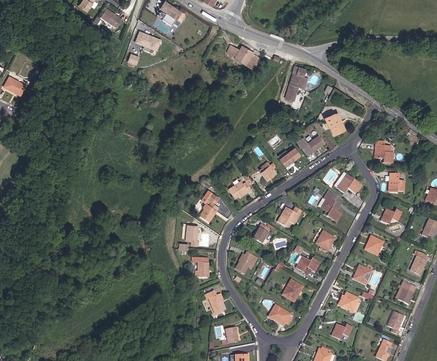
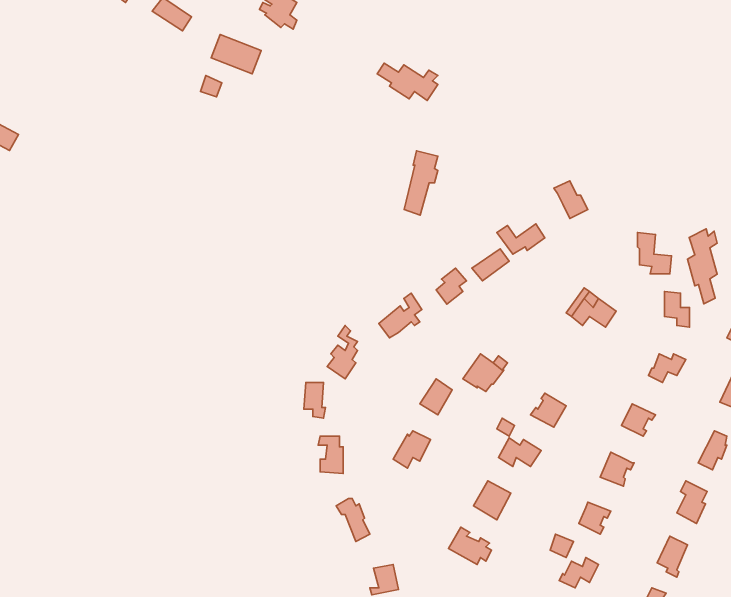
building: [286,65,305,101] -> [404,151,438,215]
building: none -> [687,229,717,304]
building: [319,189,341,222] -> none

